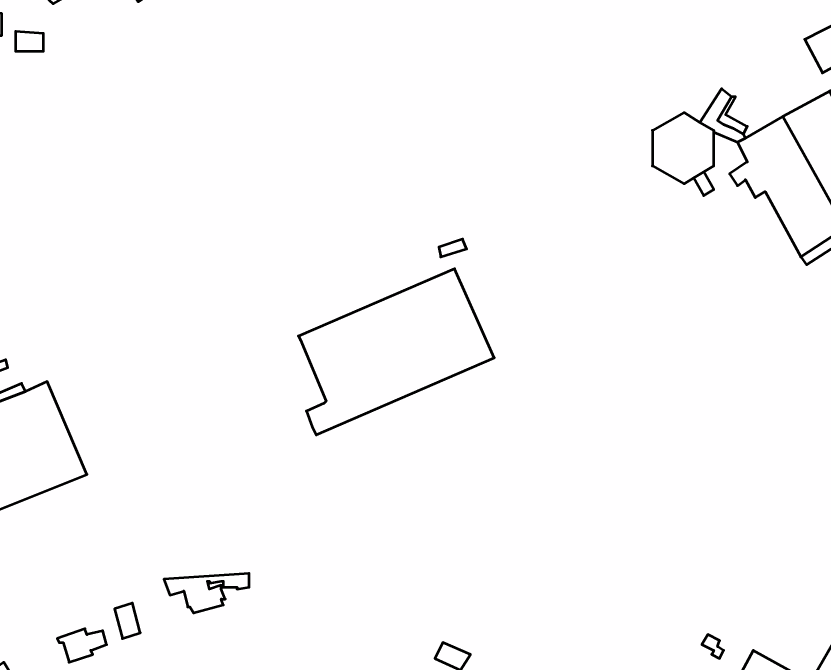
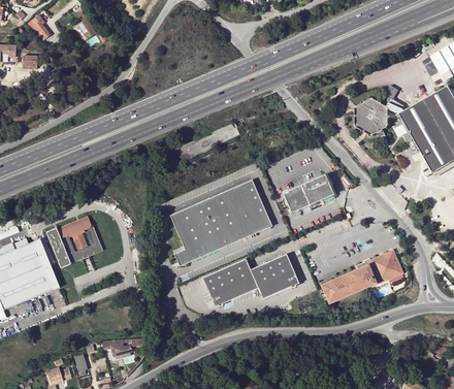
building: none -> [283,174,333,213]
building: none -> [47,217,101,266]
building: none -> [321,250,402,303]
building: none -> [202,254,299,306]

